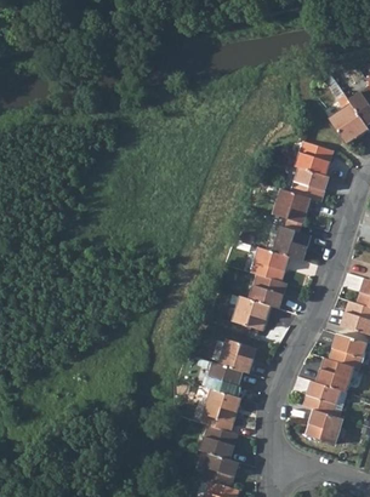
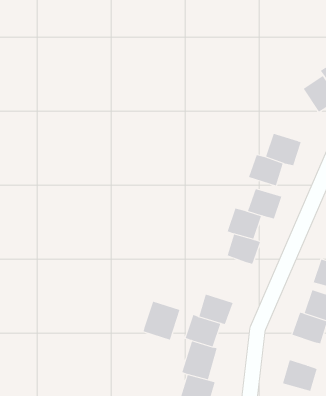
building: [292,142,331,176] -> none
building: [230,296,267,330] -> none
building: none -> [143,301,180,340]
building: [303,382,341,416] -> none

